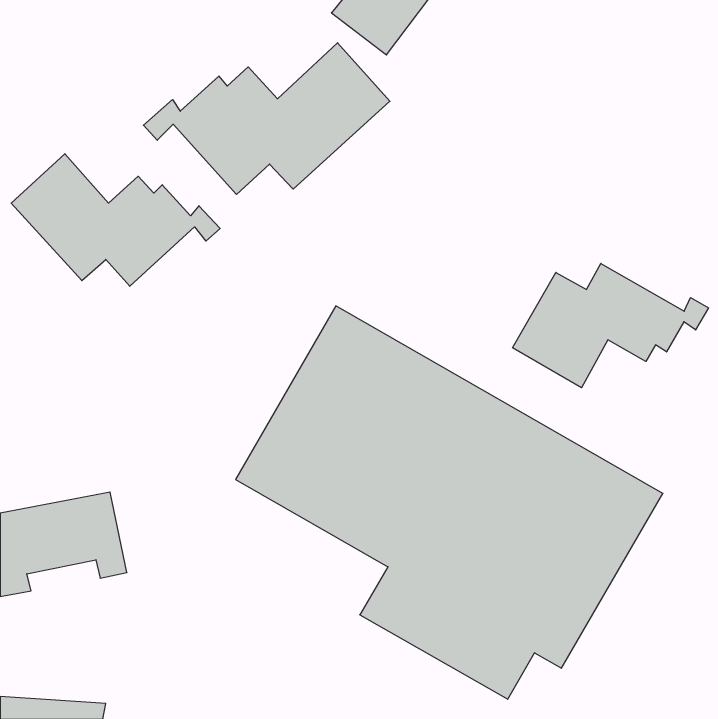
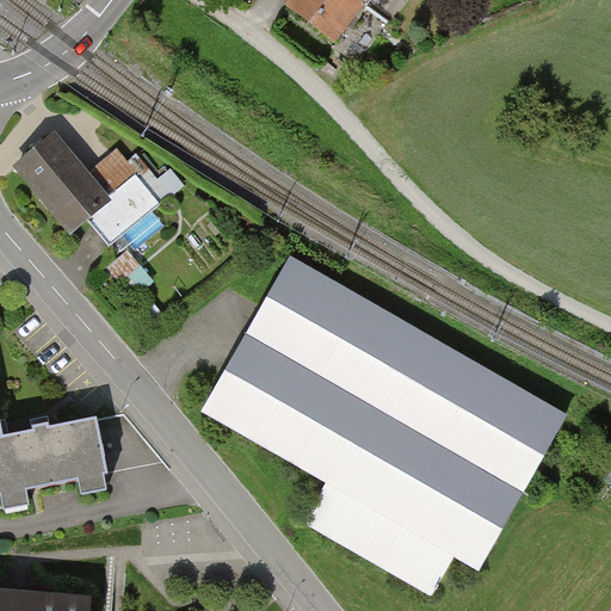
building: [143,43,390,194] -> none
building: [513,263,709,388] -> none

